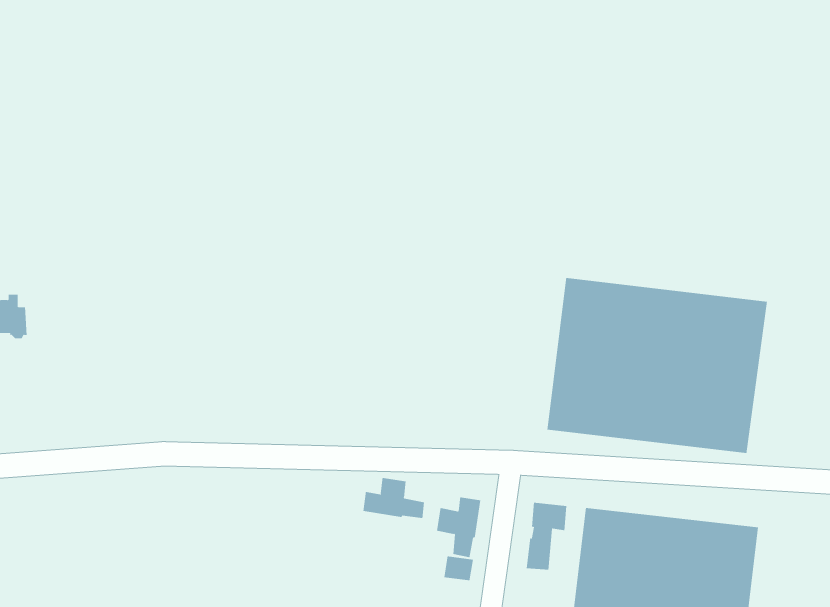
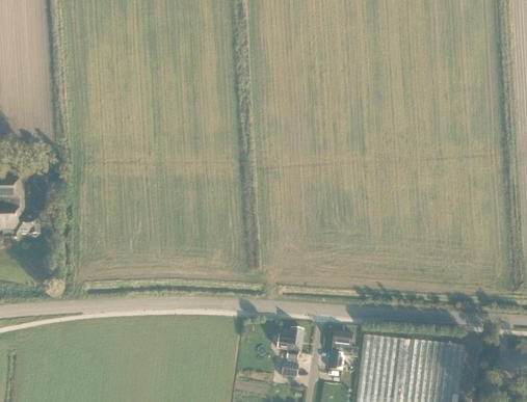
building: [547,277,767,454] -> none
building: [363,477,425,519] -> none

